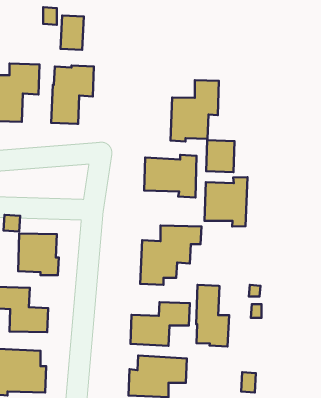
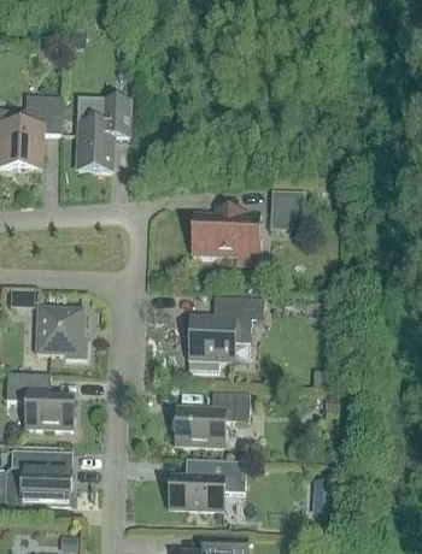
building: [61,15,84,50] -> none
building: [171,80,219,142] -> none
building: [204,177,247,226] -> none
building: [196,285,229,346] -> none

